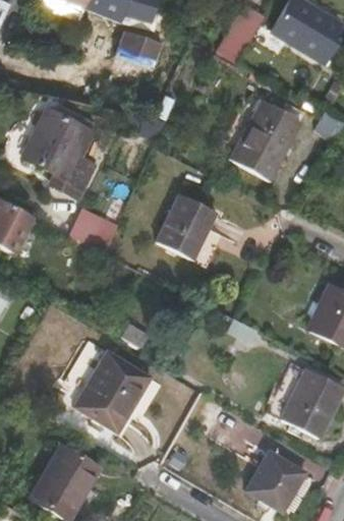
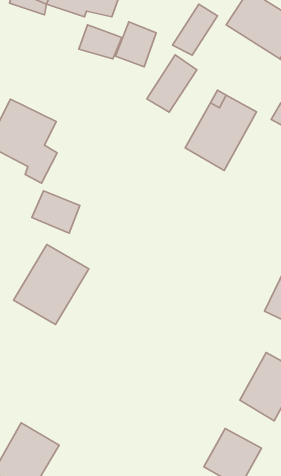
building: none -> [115,22,156,67]
building: none -> [147,55,197,112]
building: [155,195,216,260] -> none
building: [74,350,153,433] -> [14,244,89,325]

